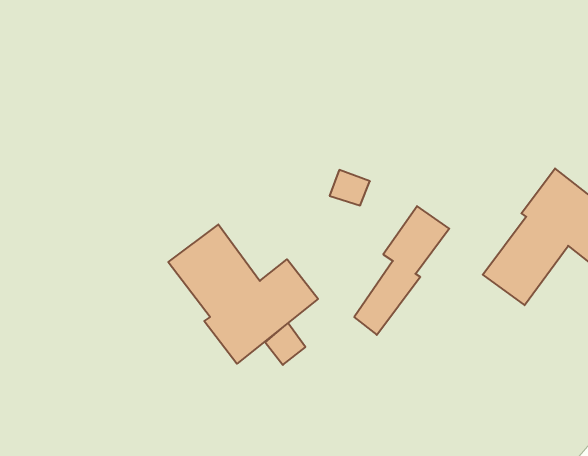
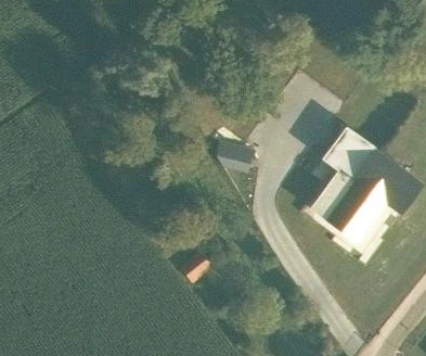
building: [354,206,449,335] -> [312,135,376,221]
building: [168,224,318,364] -> none

